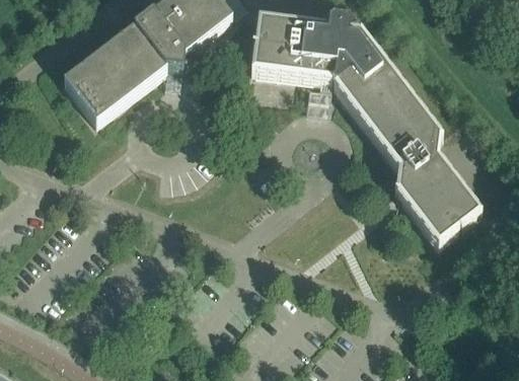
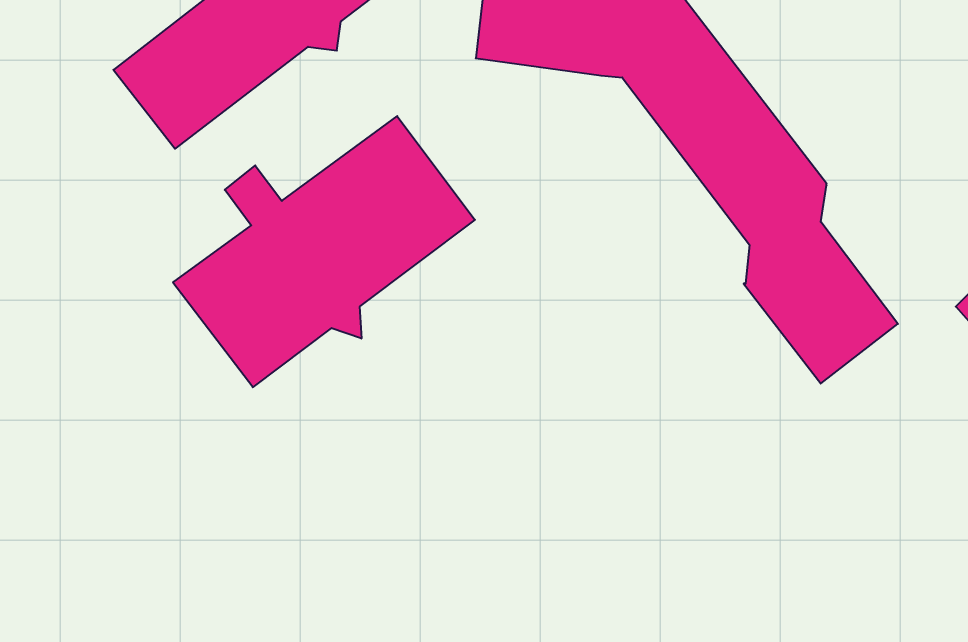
building: none -> [173,116,475,387]

